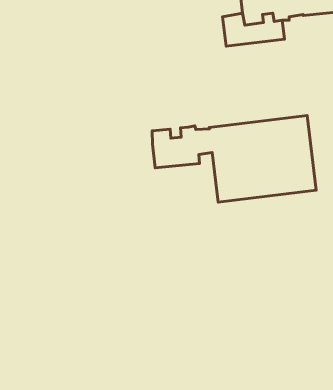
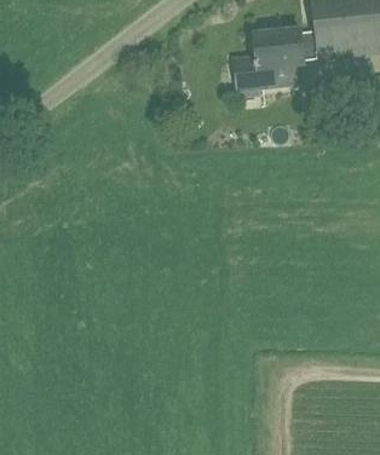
building: [152,116,316,202] -> none

